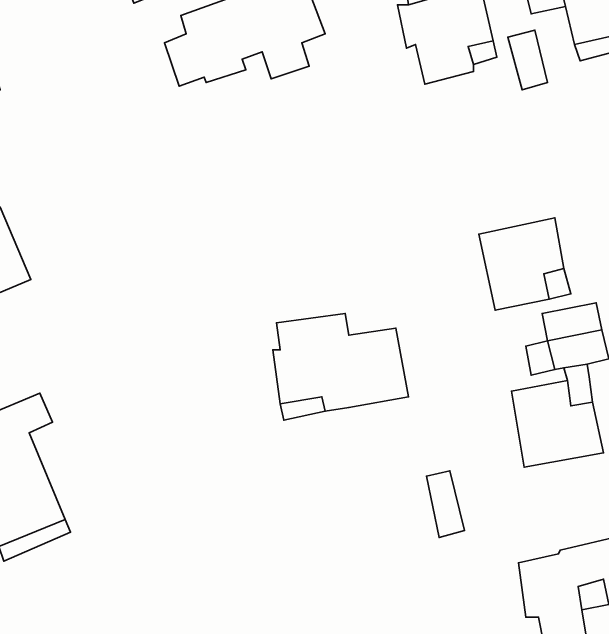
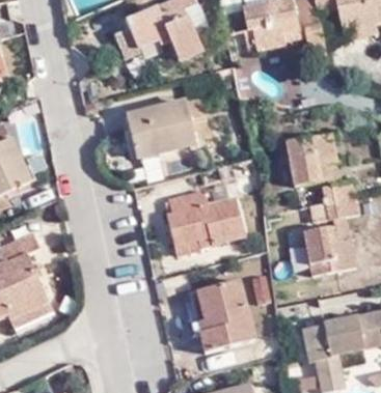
building: none -> [121,100,189,156]
building: none -> [202,281,256,350]

